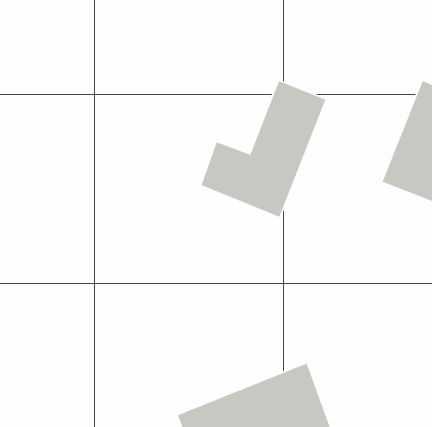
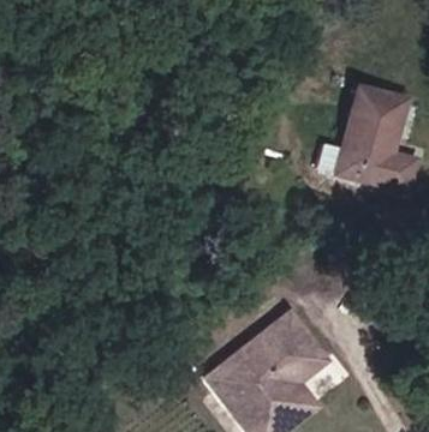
building: [200,80,326,218] -> none

